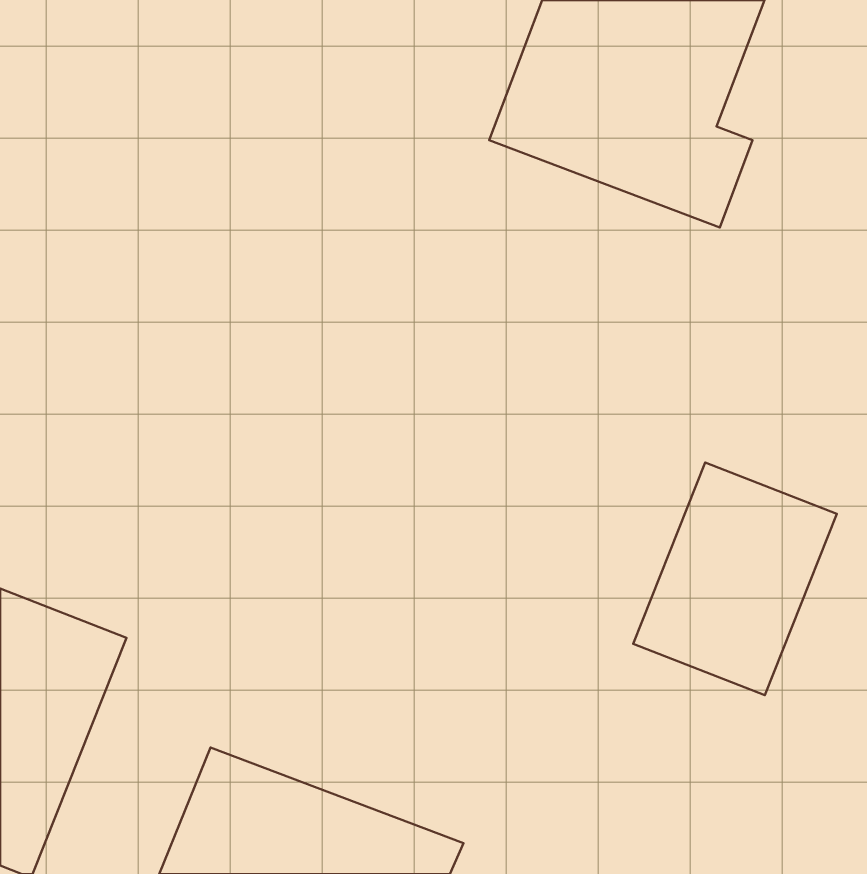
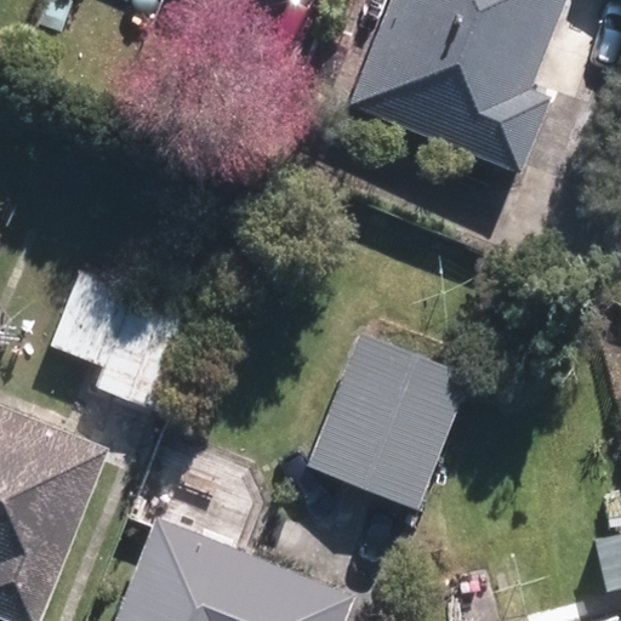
building: none -> [53,274,190,409]
building: [633,463,837,695] -> [313,338,457,503]

